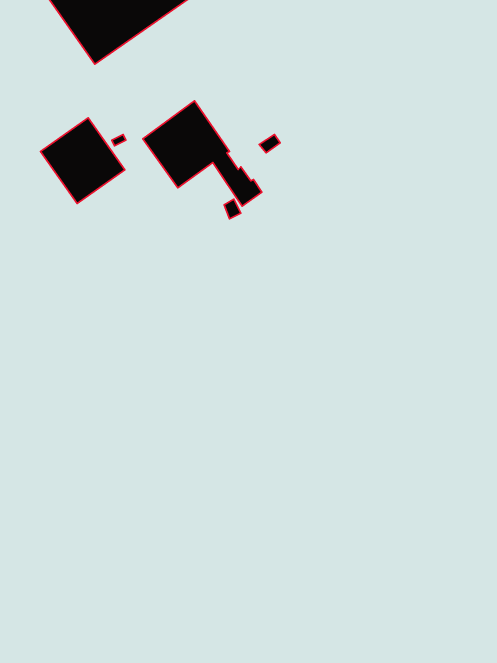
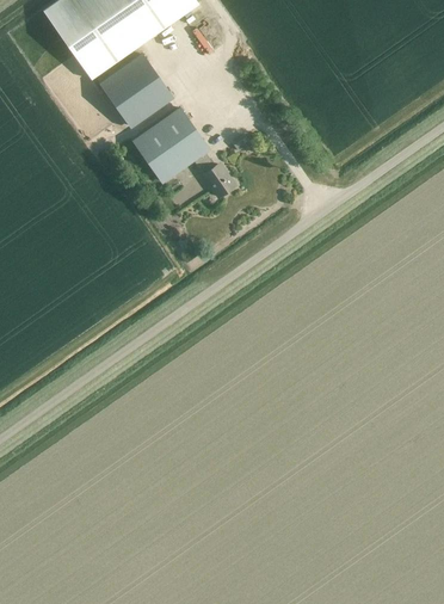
building: [41,118,125,204] -> [100,54,172,127]

